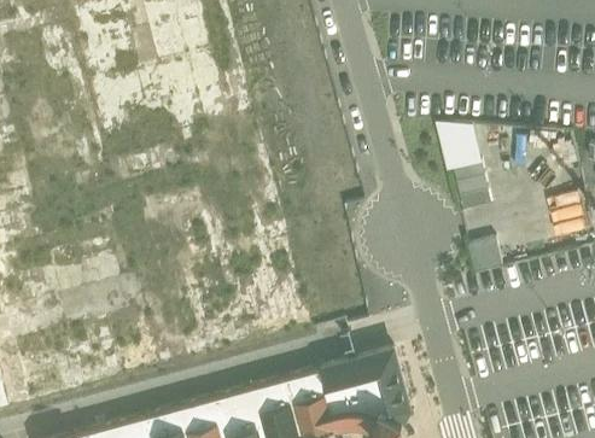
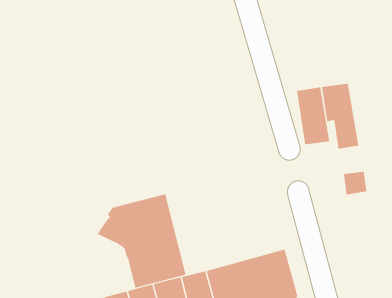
building: none -> [296,87,330,145]
building: none -> [97,194,186,289]

